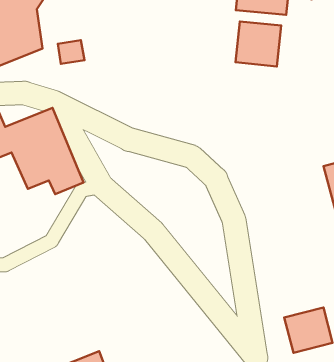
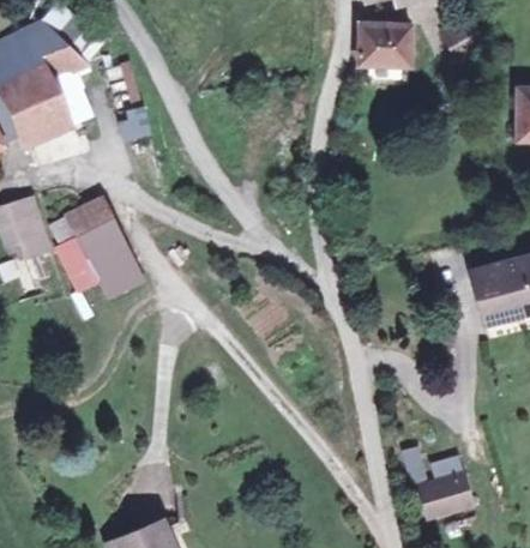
building: [236,21,281,67] -> none

